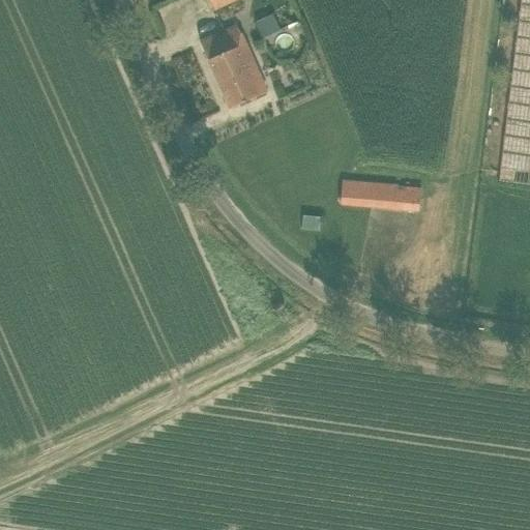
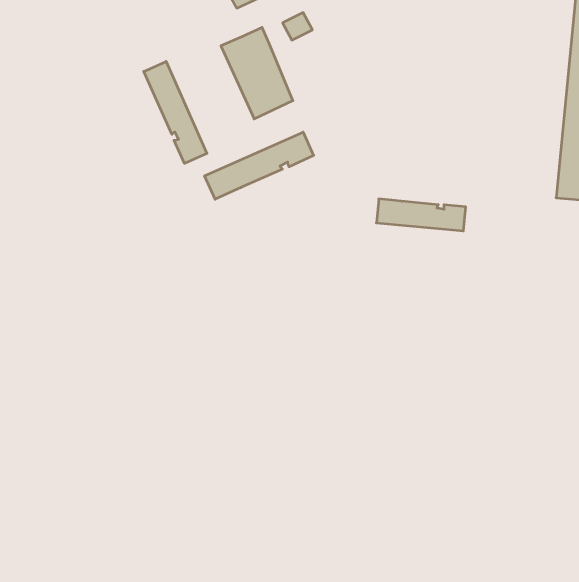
building: none -> [144,61,207,163]
building: none -> [205,132,314,199]

